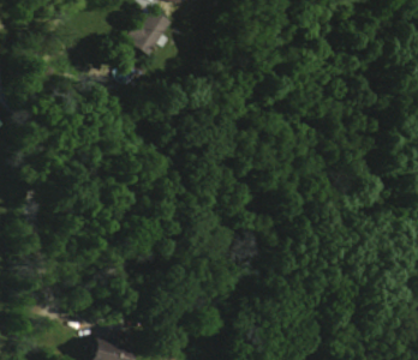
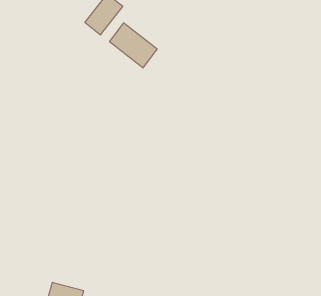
building: none -> [110,23,157,68]

